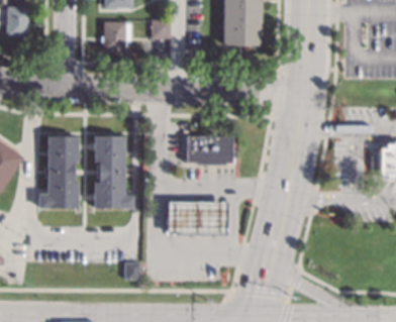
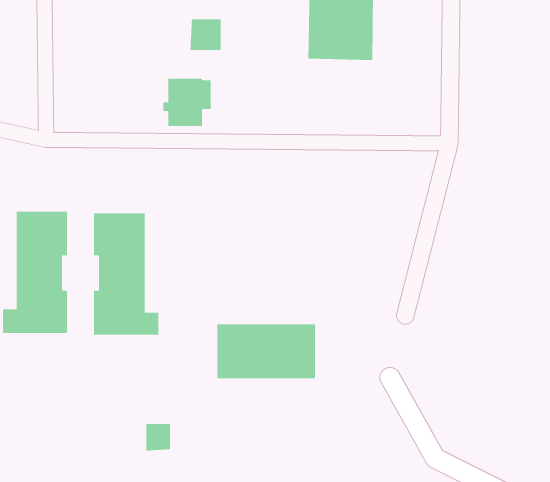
building: [102,21,131,50] -> [163,78,211,127]
building: [187,134,233,165] -> none

